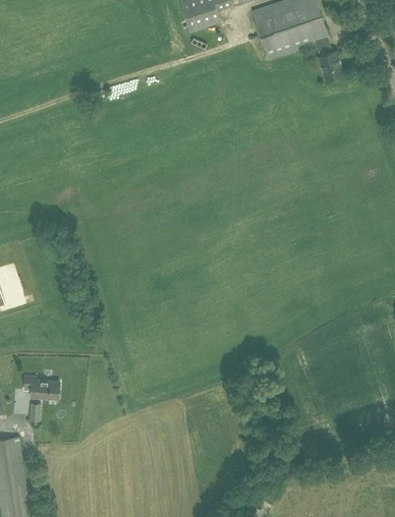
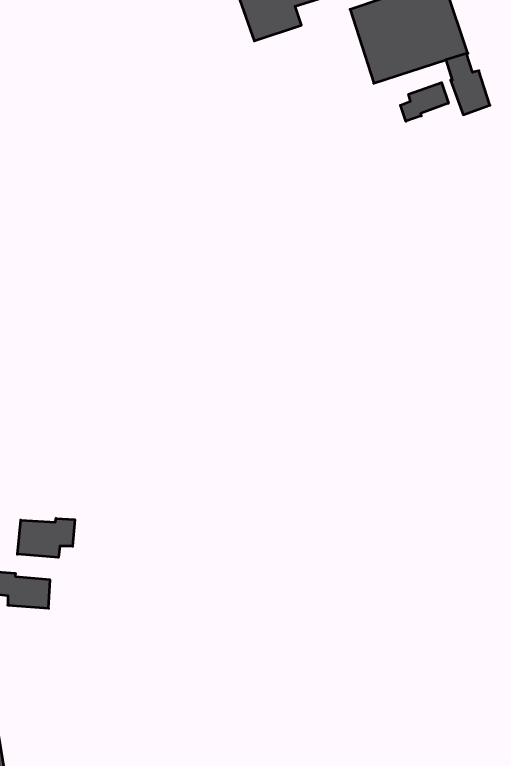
building: none -> [400,83,448,121]
building: none -> [17,518,75,557]

